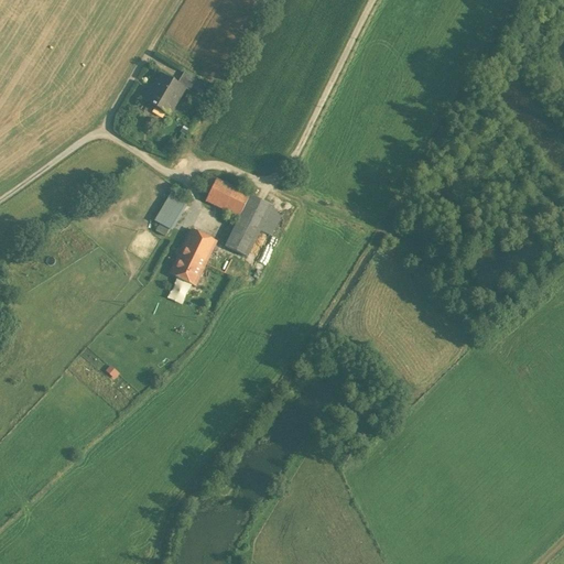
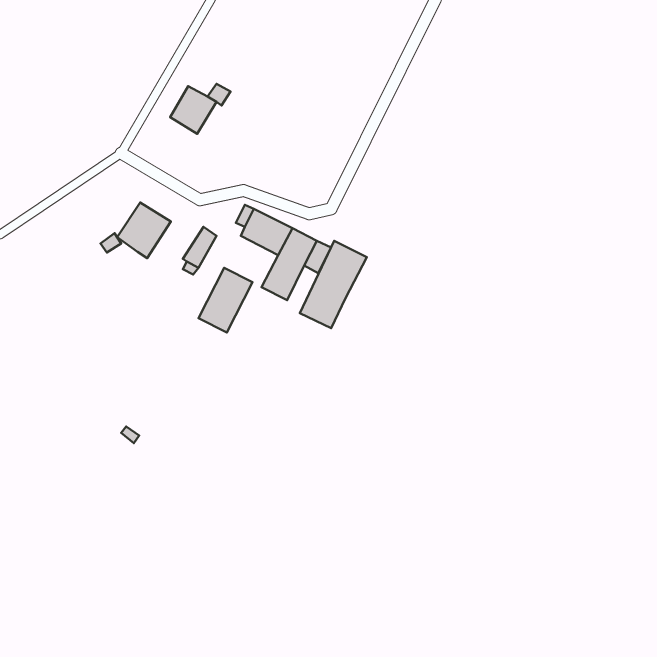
building: none -> [117,202,171,258]
building: none -> [300,241,367,328]

